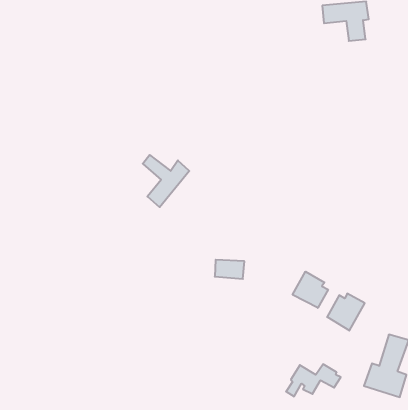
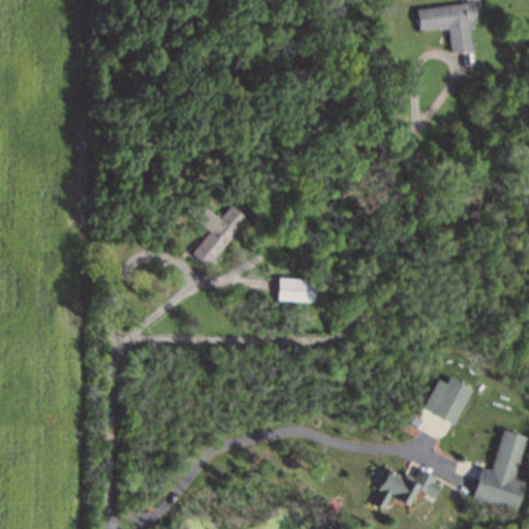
building: [215,260,244,279] -> [279,279,317,304]
building: [293,272,328,308] -> none

